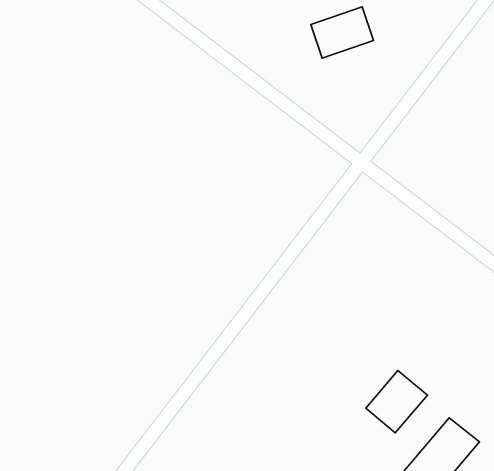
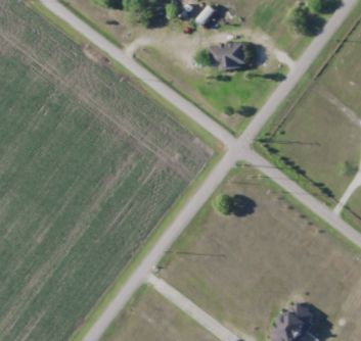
building: [366,370,427,433] -> none

